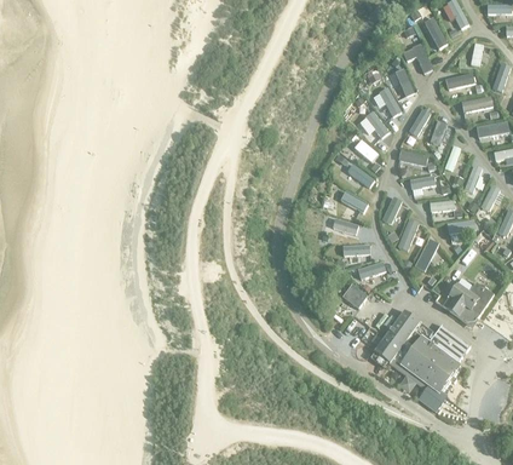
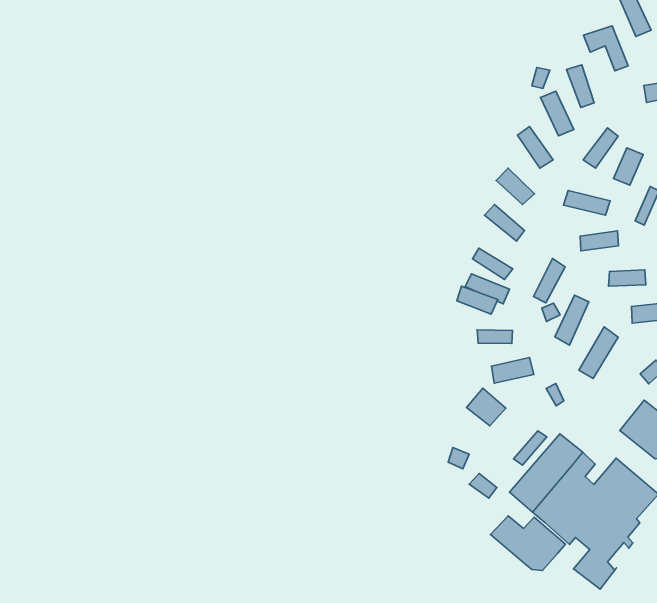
building: none -> [491,516,565,570]

